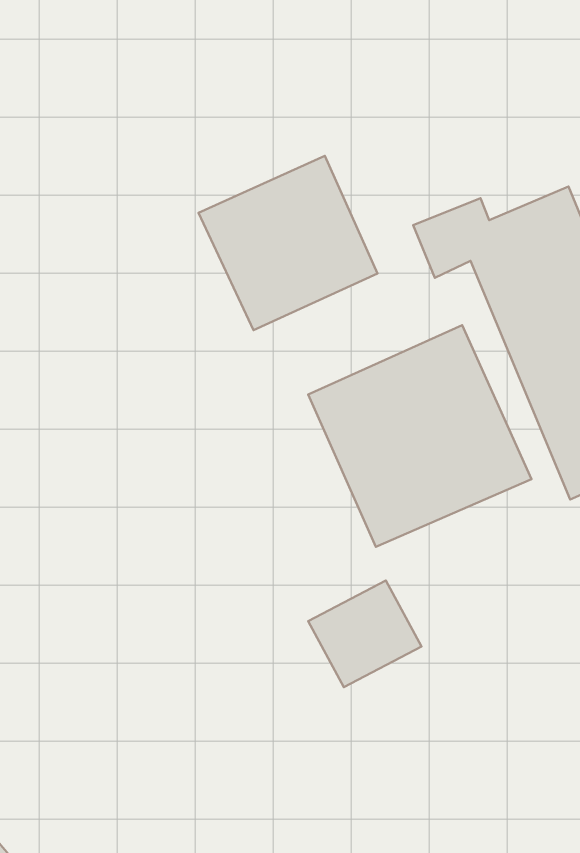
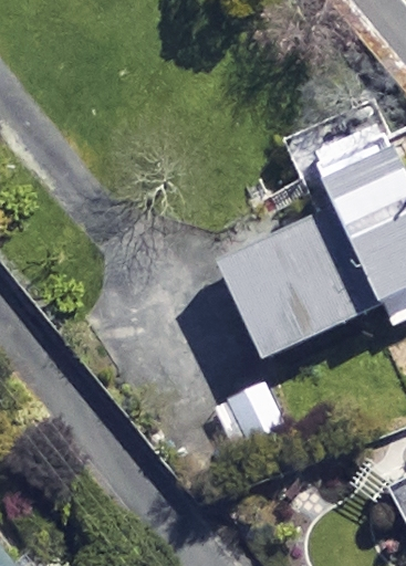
building: [199,156,378,330] -> none

